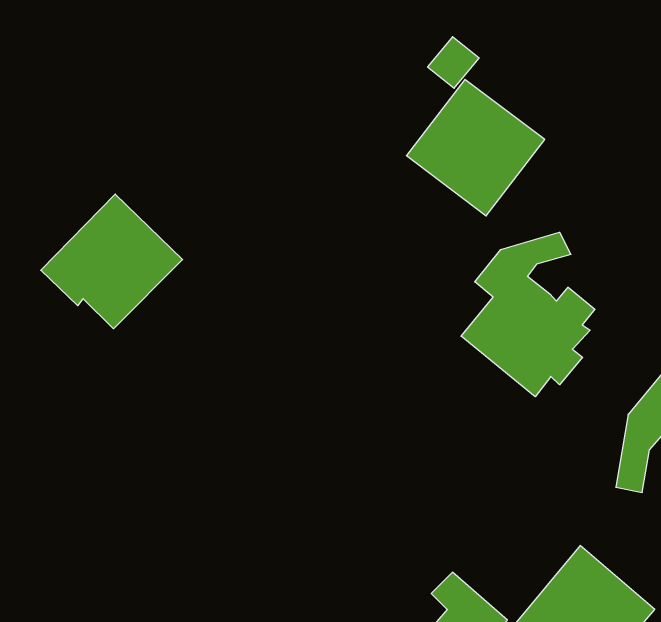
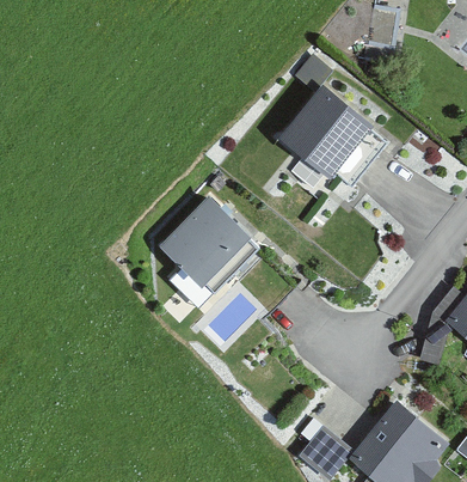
building: [41,194,183,329] -> [159,197,254,288]
building: [461,232,595,397] -> none

